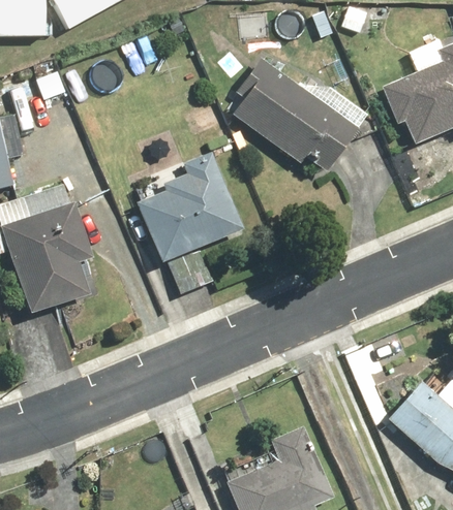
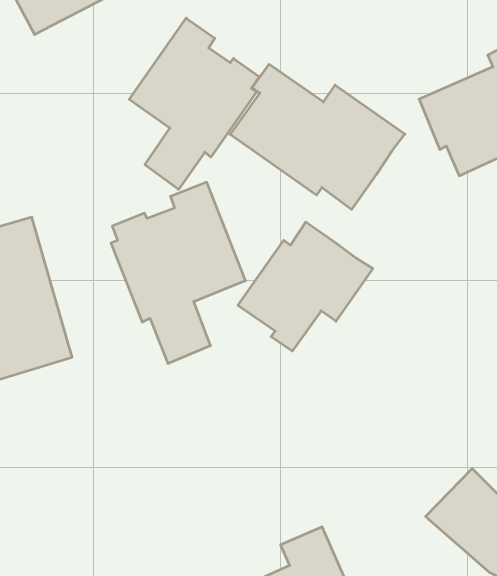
building: none -> [129,18,259,189]
building: none -> [238,222,373,351]

